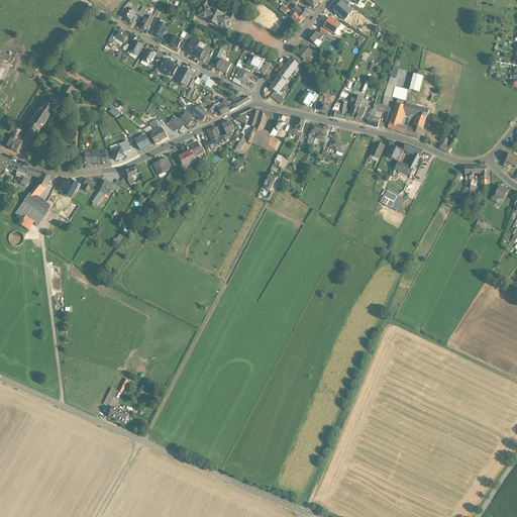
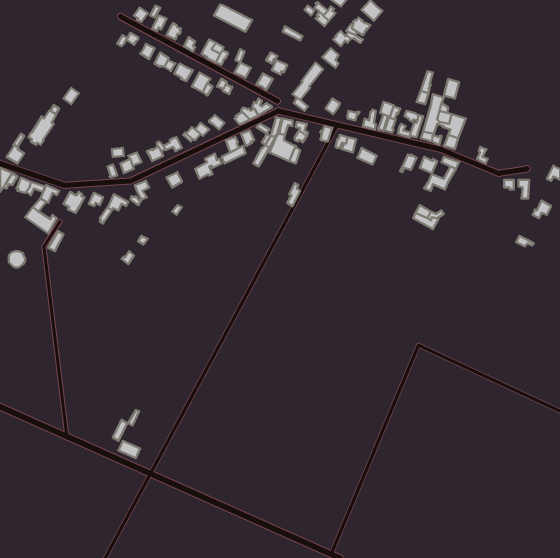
building: [15,200,44,228] -> none

